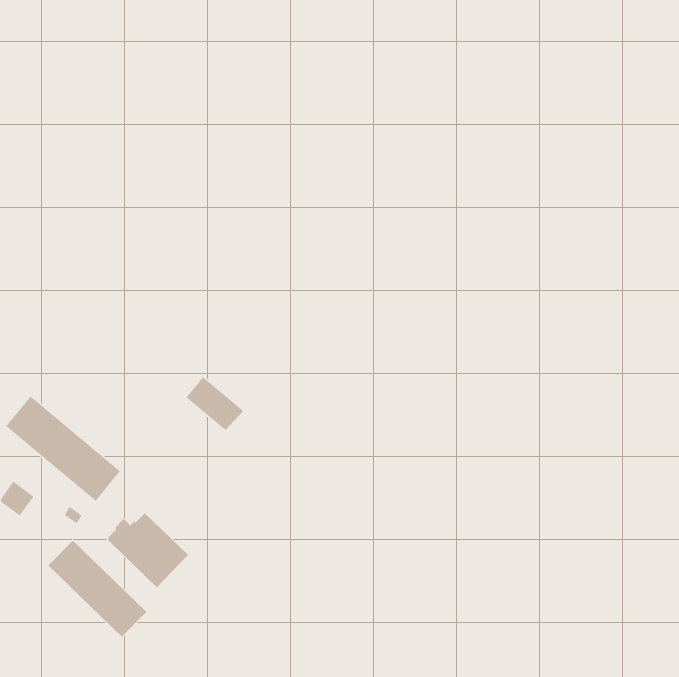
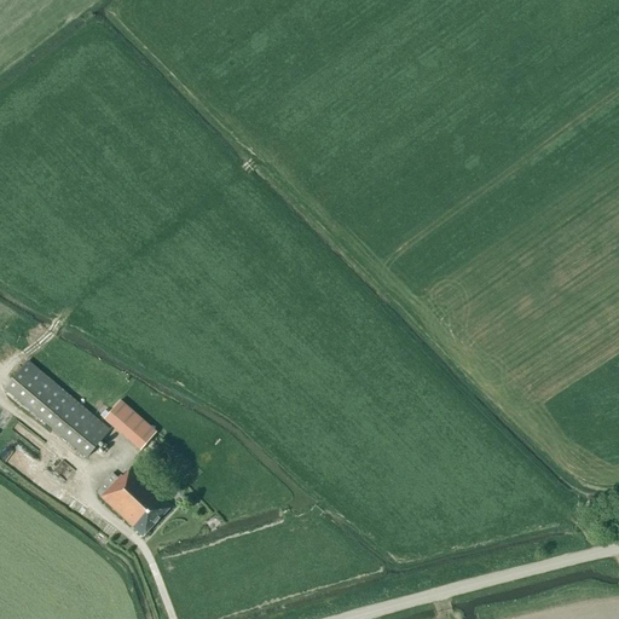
building: [186,376,244,431] -> [104,400,157,450]
building: [48,540,147,638] -> none

